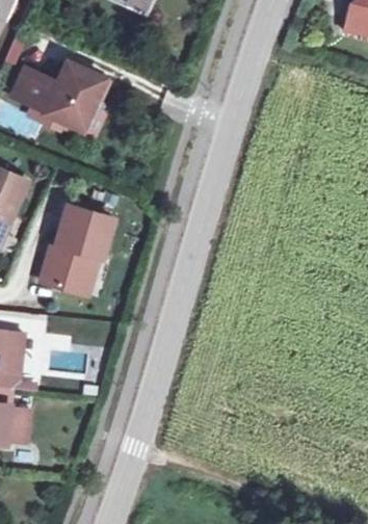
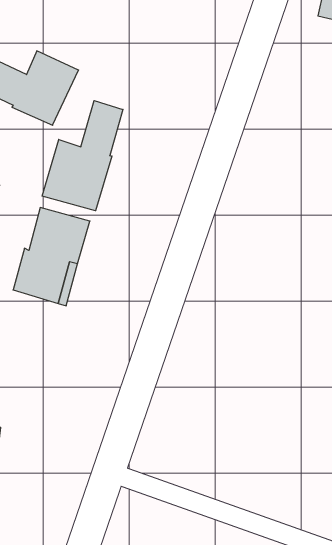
building: none -> [42,101,123,211]

